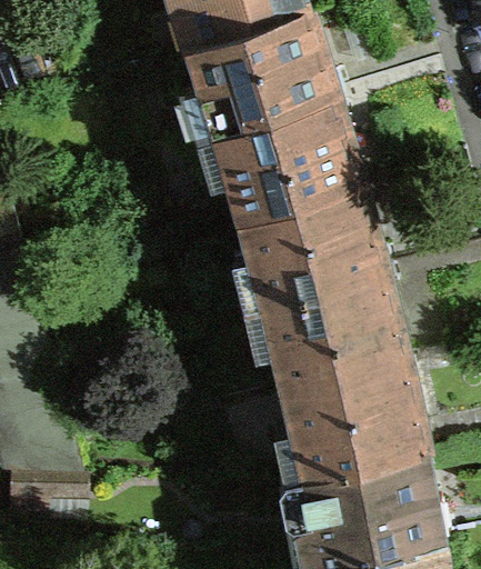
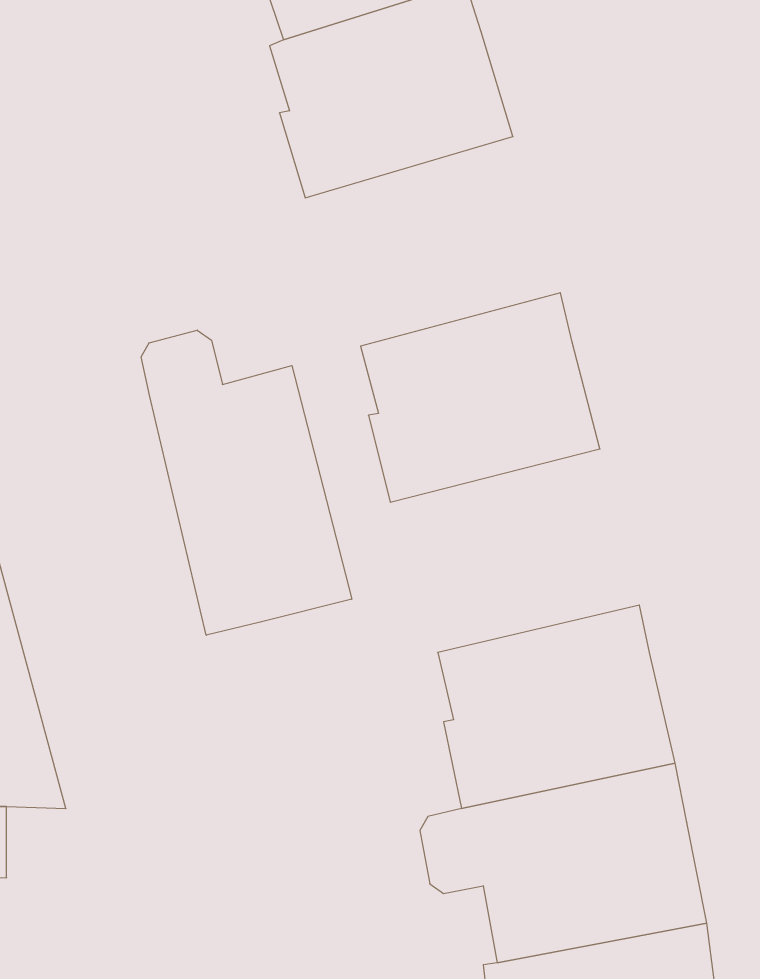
building: [210,92,353,210] -> none
building: none -> [141,330,352,635]
building: [258,268,398,382] -> none

